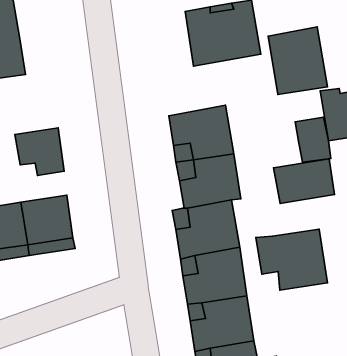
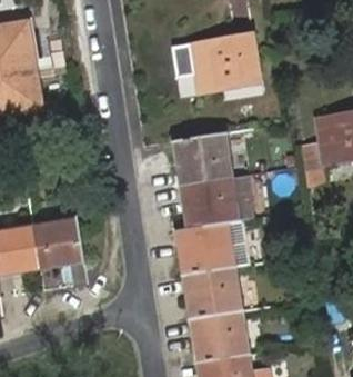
building: [268,27,327,95] -> none
building: [15,128,64,176] -> none
building: [274,159,334,203] -> none
building: [256,229,328,290] -> none

